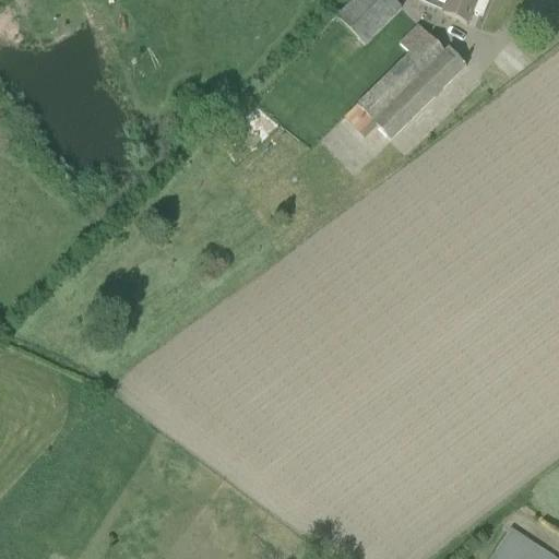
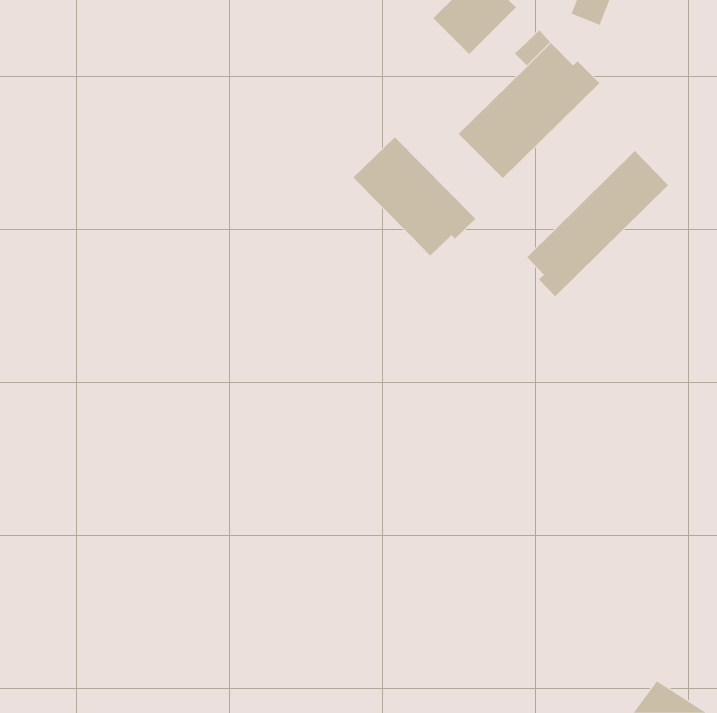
building: none -> [352,136,476,256]
building: none -> [526,150,669,297]

